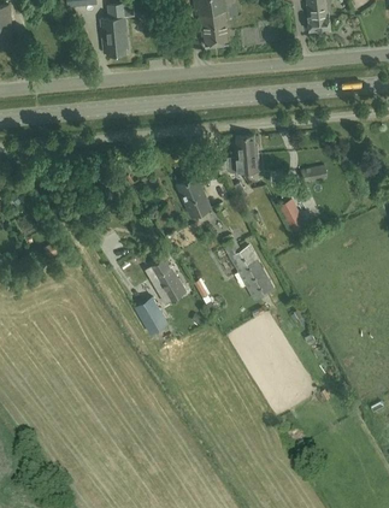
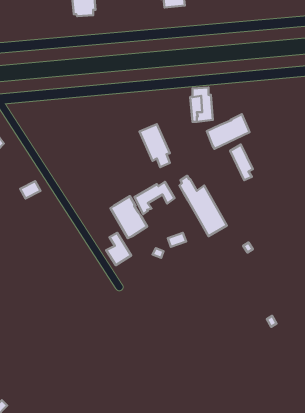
building: none -> [207,114,249,149]
building: none -> [134,182,175,214]

